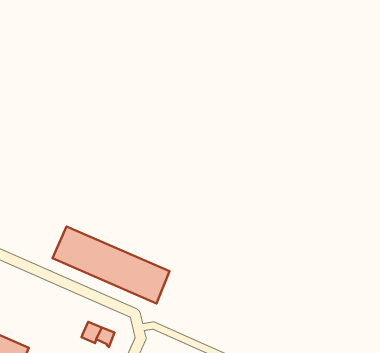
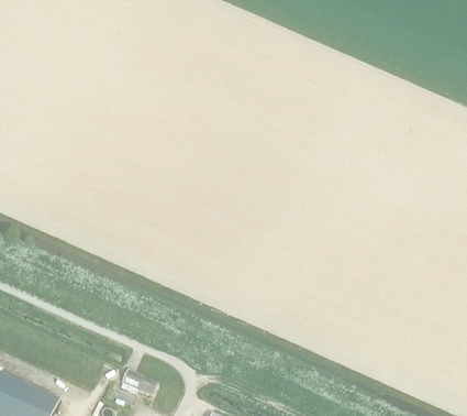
building: [53,227,169,303] -> none

